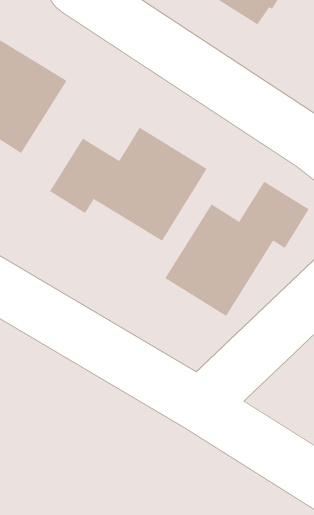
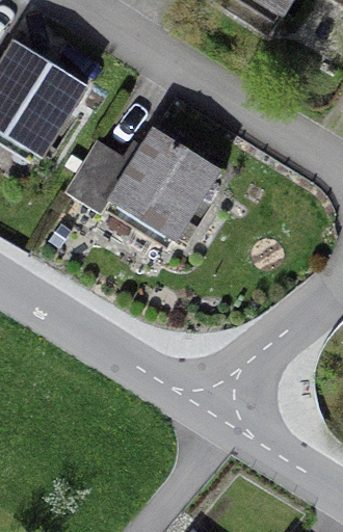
building: [165,181,310,317] -> none

